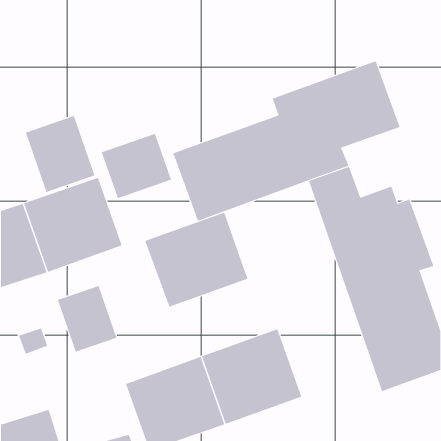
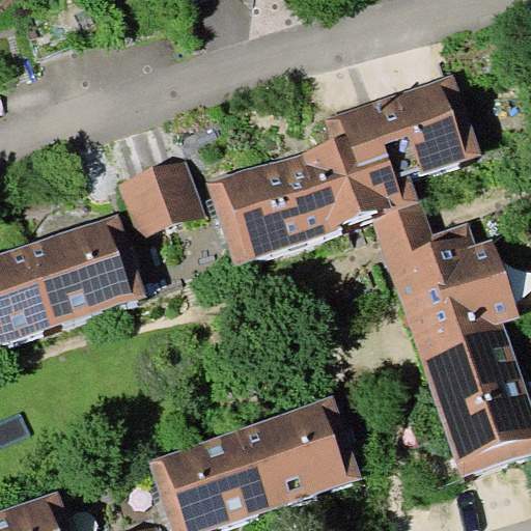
building: [25,115,95,193] -> none
building: [145,212,248,308] -> none
building: [57,285,117,353] -> none

